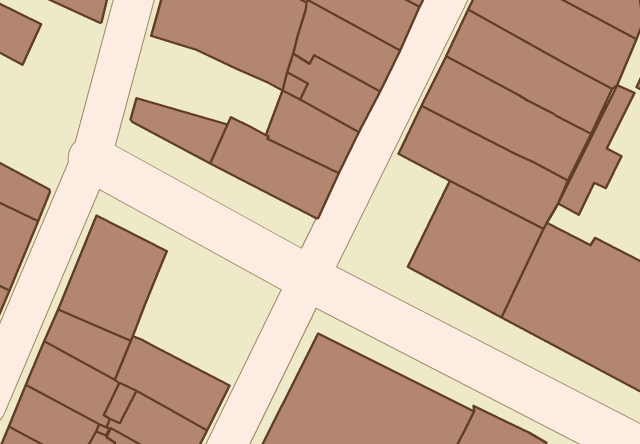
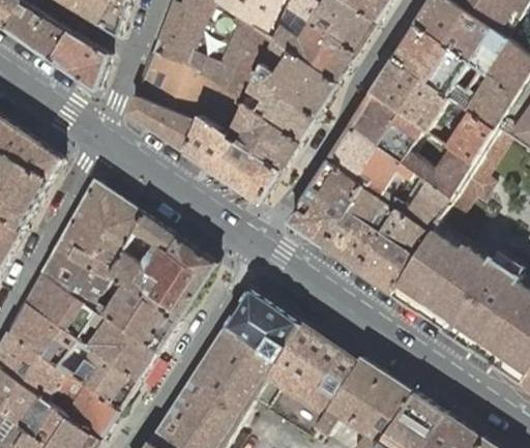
building: none -> [51,31,108,89]
building: none -> [134,50,234,127]
building: none -> [288,160,362,246]
building: none -> [110,213,214,320]

